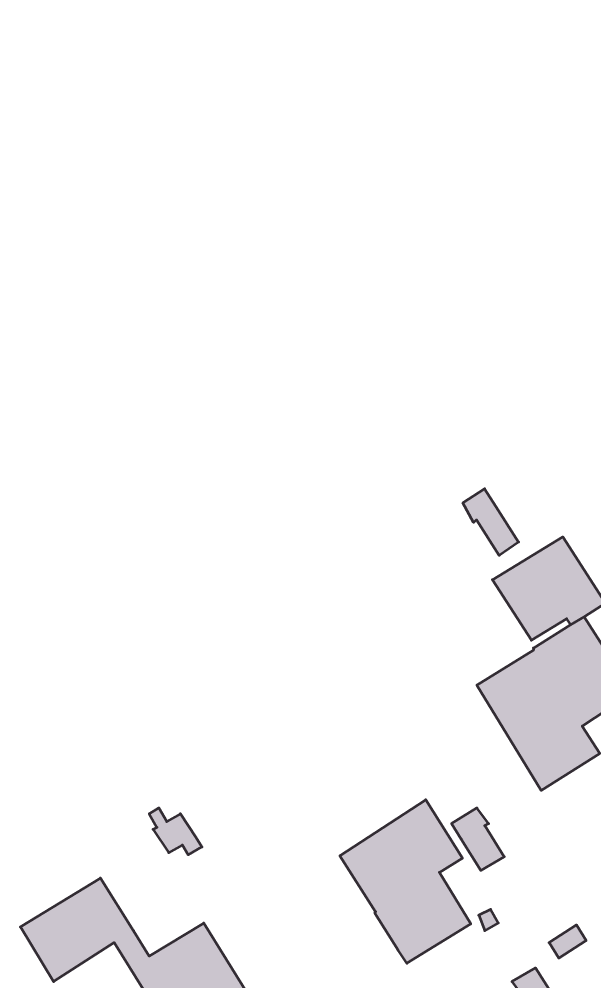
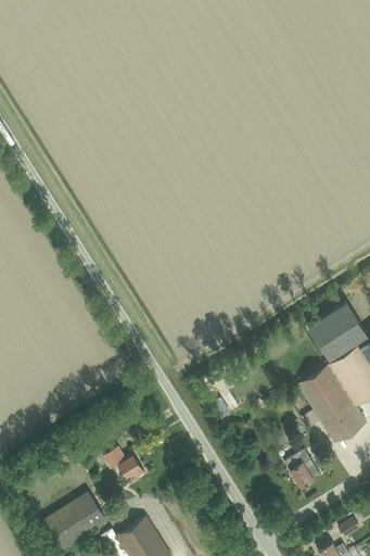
building: [463,489,519,555] -> none
building: [340,800,471,963] -> none

